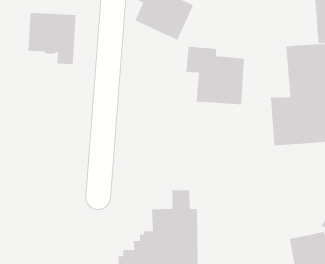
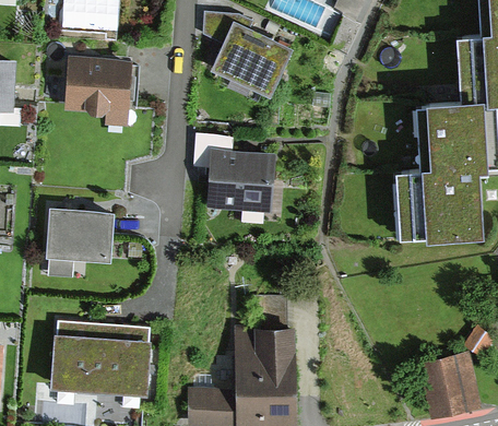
building: [185,46,245,105] -> [192,133,273,213]
building: none -> [46,209,114,282]
building: none -> [52,323,152,394]

